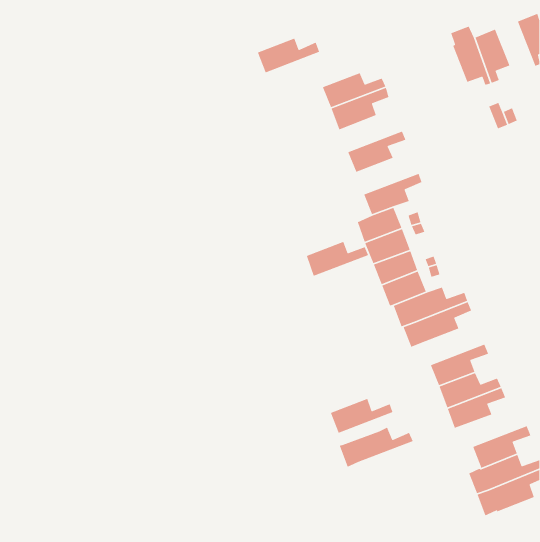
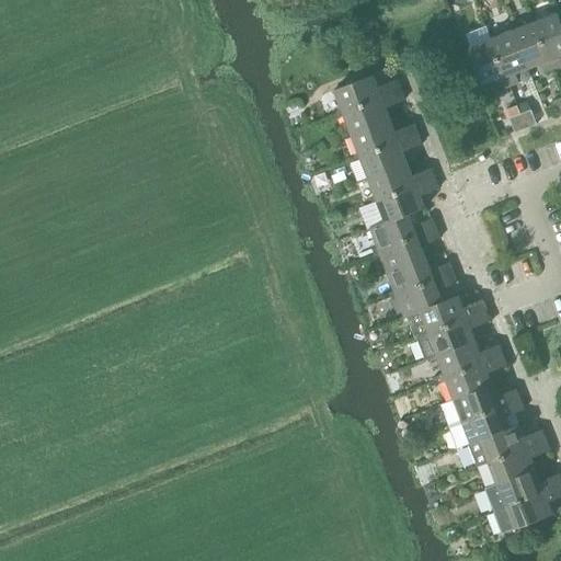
building: none -> [513,22,553,72]
building: [257,37,320,73] -> [351,119,416,157]
building: [306,241,369,277] -> [368,163,434,201]
building: [330,398,393,434] -> [436,340,502,377]
building: [339,427,414,468] -> [468,424,546,467]

